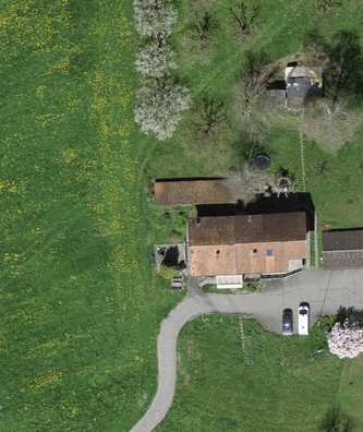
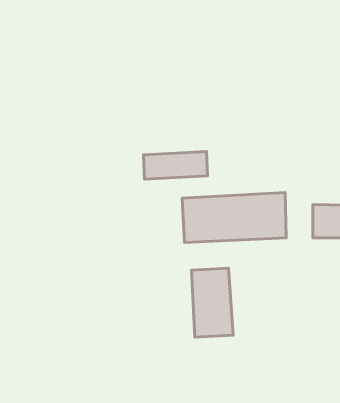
building: none -> [192,268,233,337]

